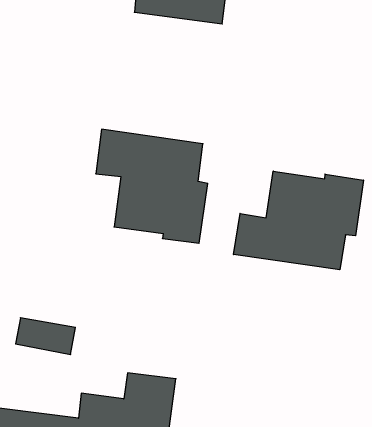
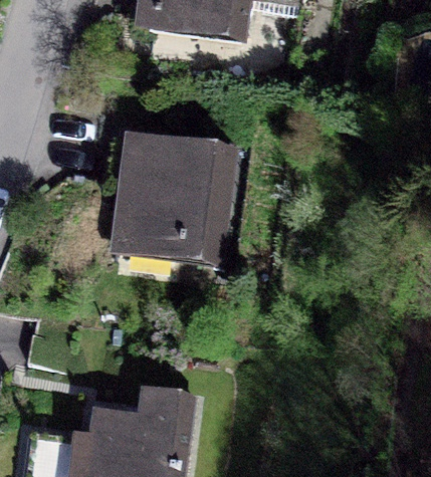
building: [234,171,363,270] -> none

